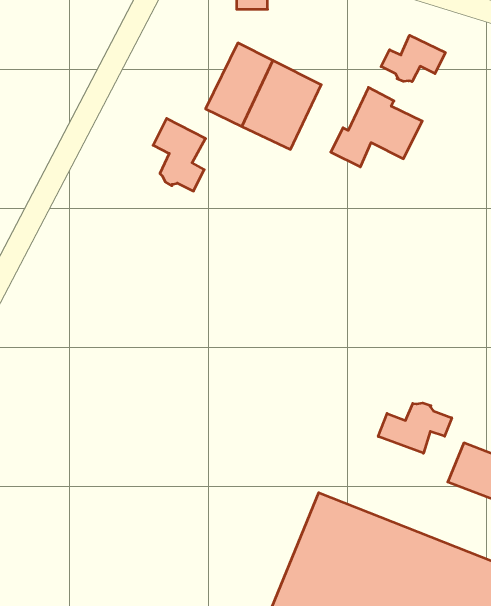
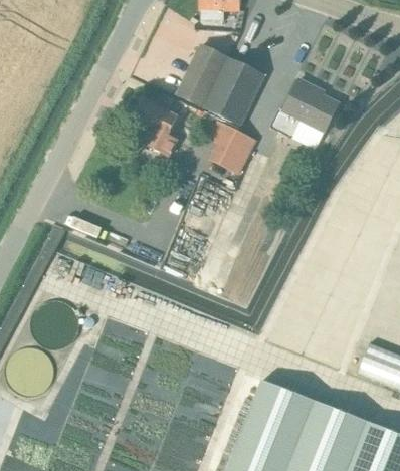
building: [381,35,445,82] -> none
building: none -> [214,128,254,173]
building: [378,403,452,453] -> none

